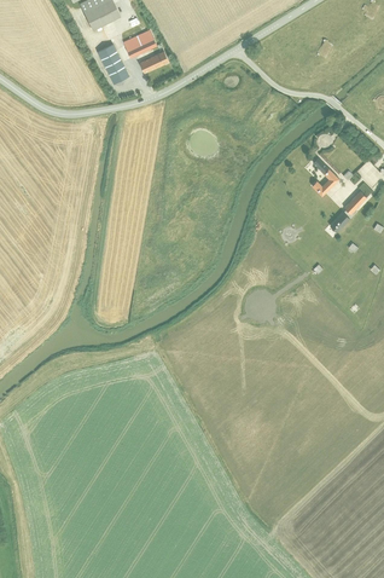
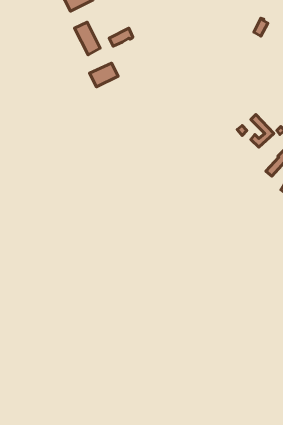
building: [123,29,158,58] -> [90,63,118,87]

